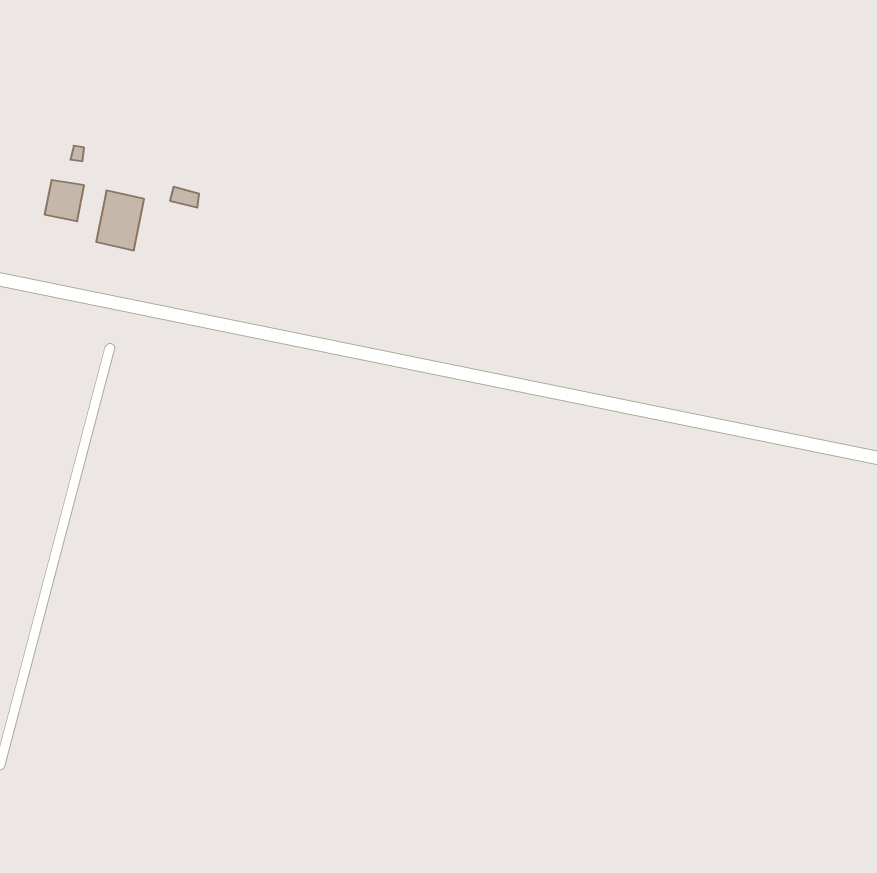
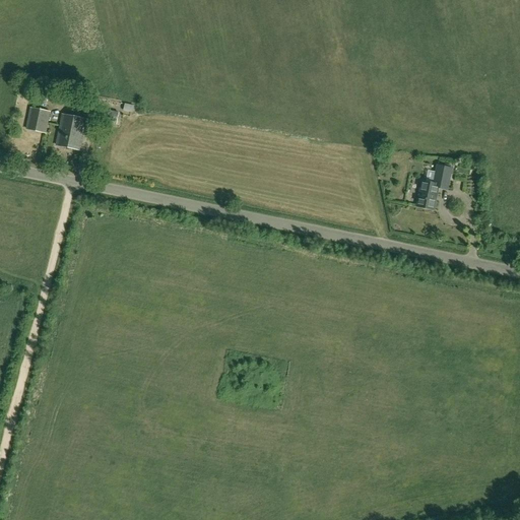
building: none -> [417,164,452,208]

